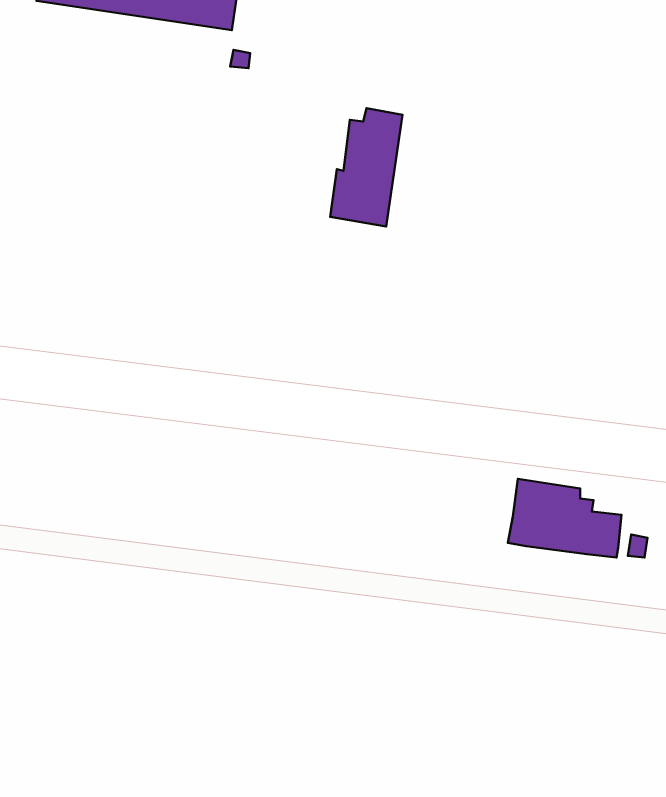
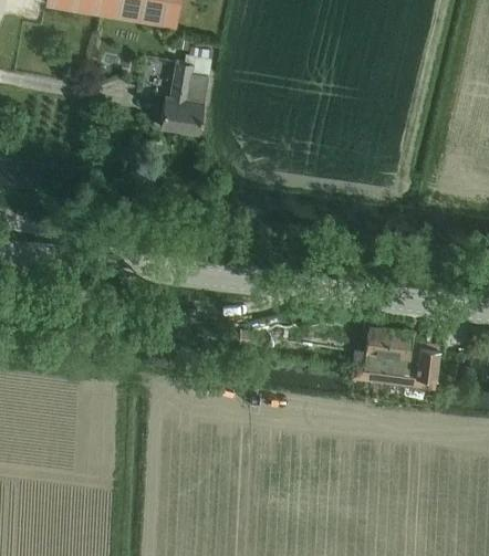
building: [330,108,403,227] -> [160,56,209,136]

